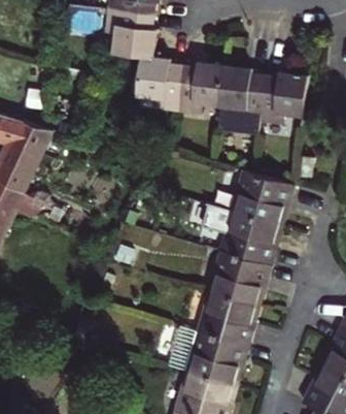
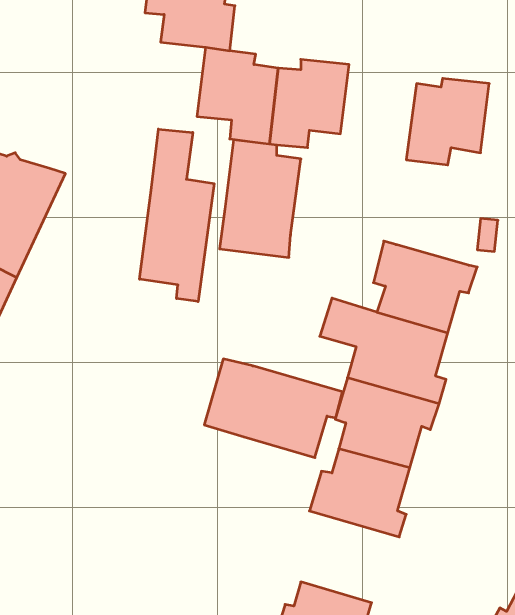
building: [213,64,262,134] -> [220,140,301,257]
building: none -> [140,129,214,302]
building: [169,326,251,385] -> [204,359,343,458]

